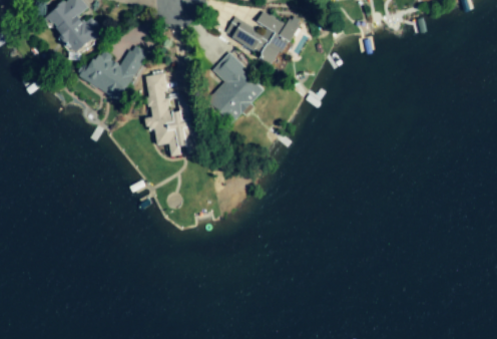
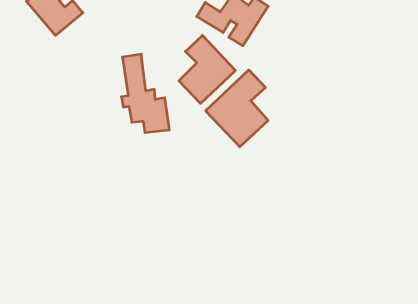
building: [81,43,149,102] -> none
building: none -> [206,70,268,147]

